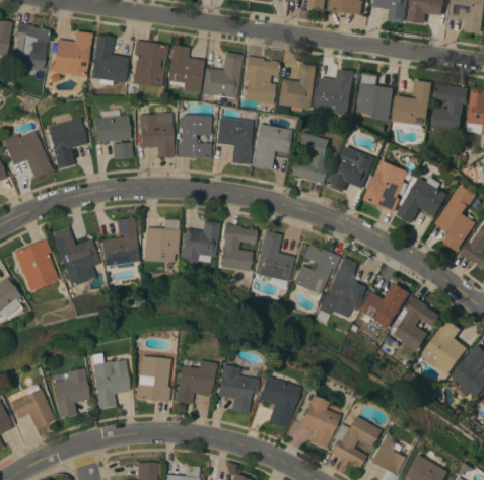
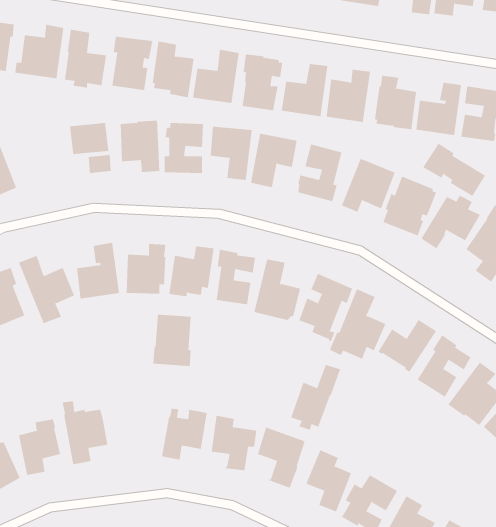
building: [47,119,86,169] -> none
building: none -> [423,143,486,197]
building: none -> [290,364,341,431]
building: [135,356,168,401] -> [153,314,192,366]

